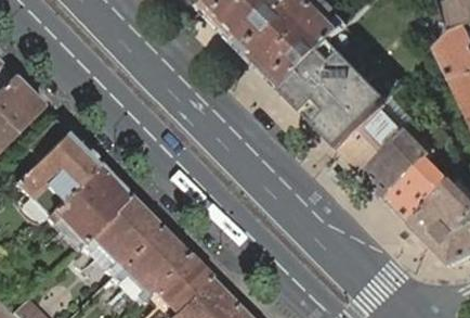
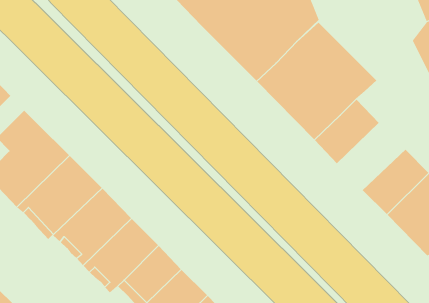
building: [365,125,439,199] -> none

